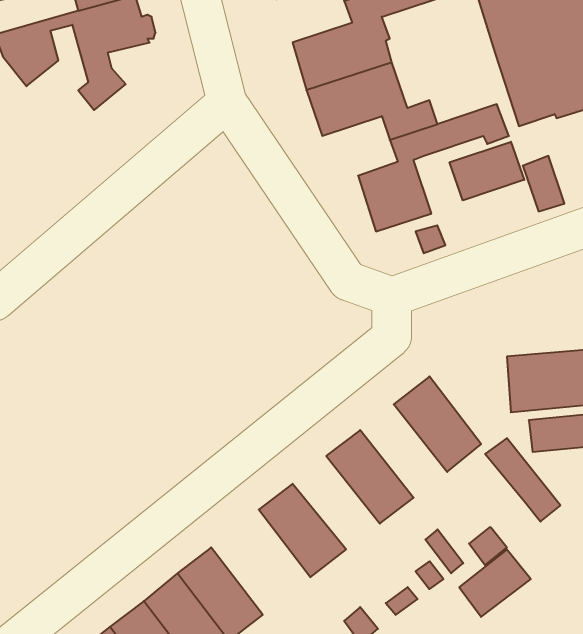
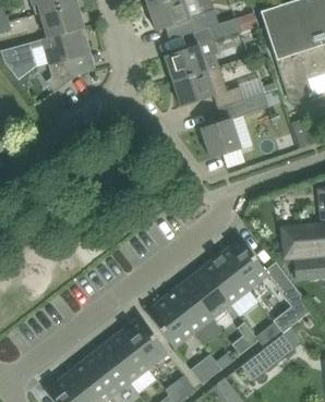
building: [450,142,524,200] -> none
building: none -> [202,253,250,304]
building: none -> [165,281,213,332]
building: none -> [120,316,168,368]

